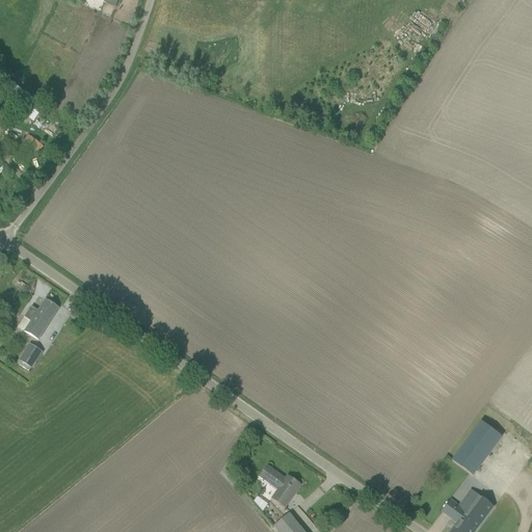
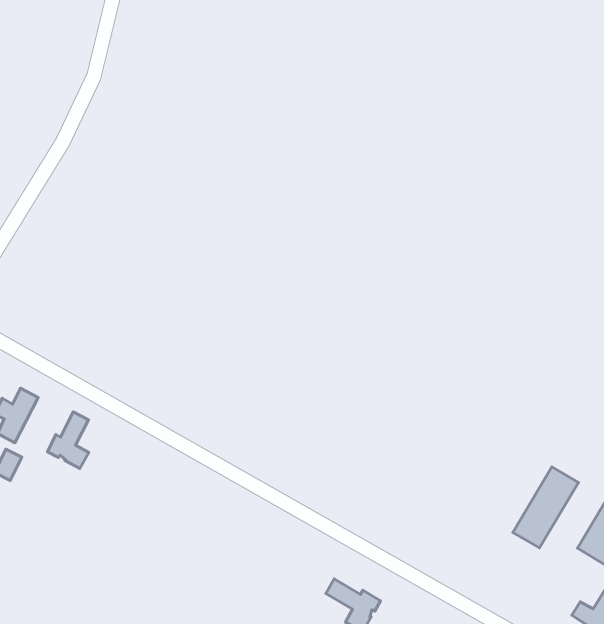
building: none -> [48,412,89,469]
building: none -> [513,467,578,548]

